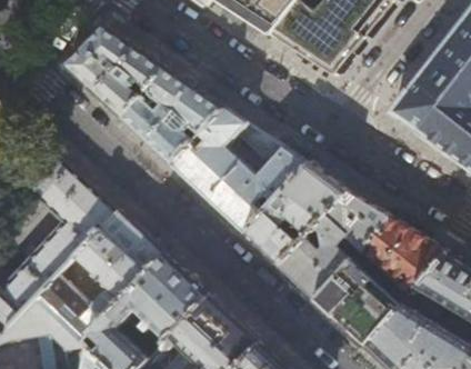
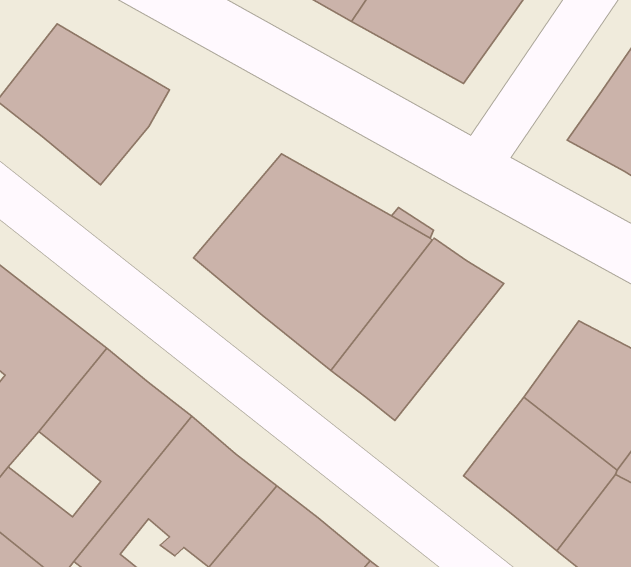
building: [119,64,223,161] -> none
building: [277,189,385,297] -> none

